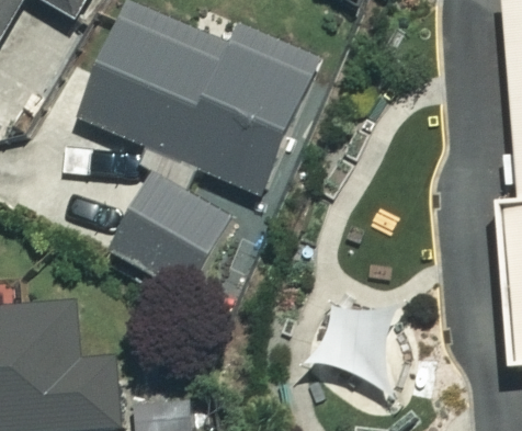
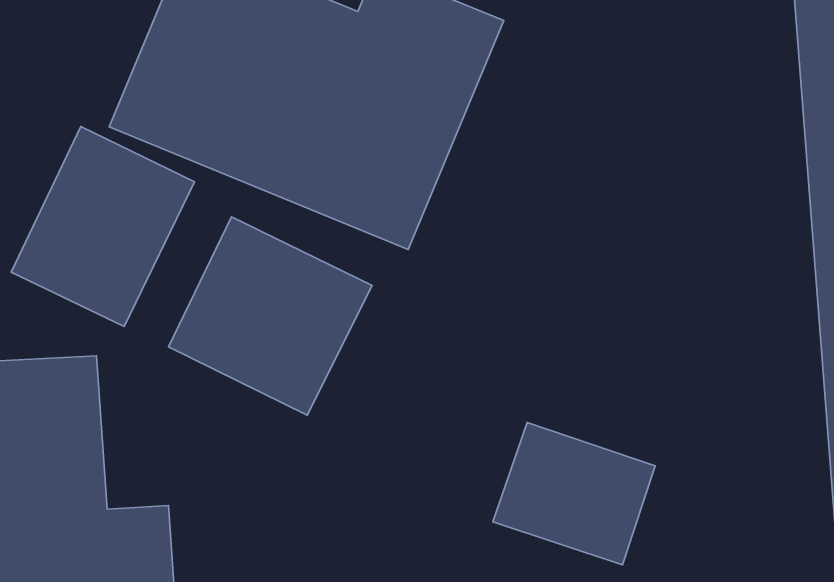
building: none -> [11,126,195,326]

